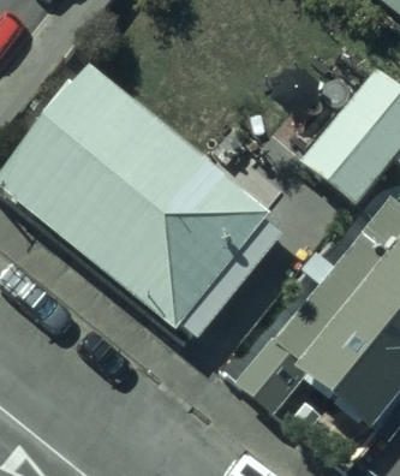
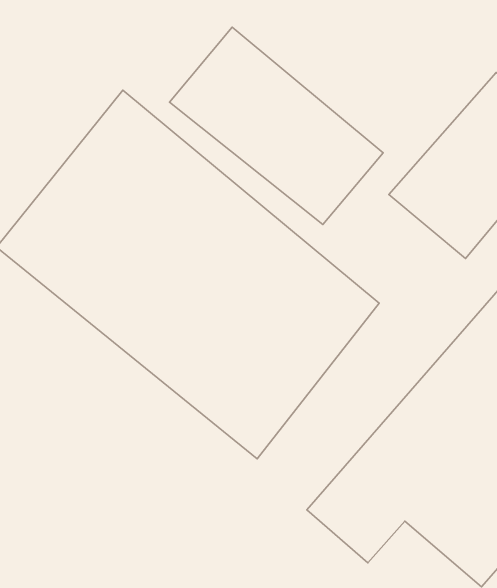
building: none -> [170,27,383,224]

